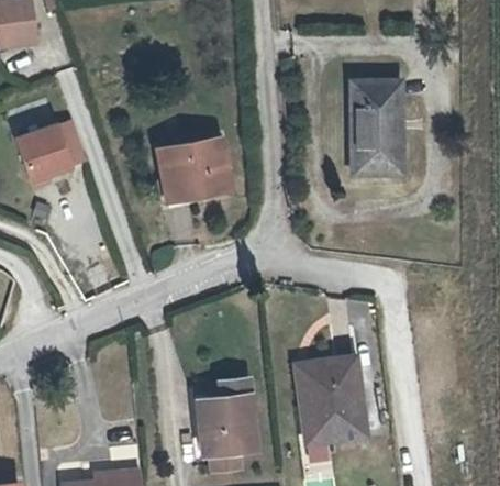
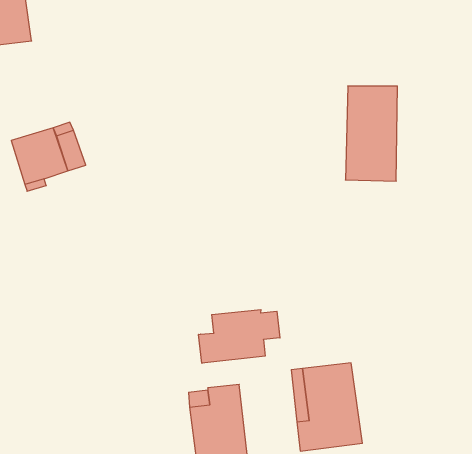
building: [156,139,230,198] -> none
building: none -> [199,310,280,363]

